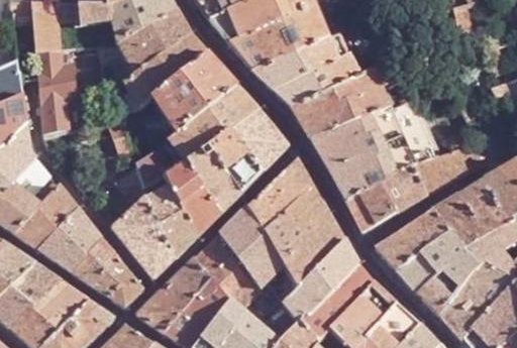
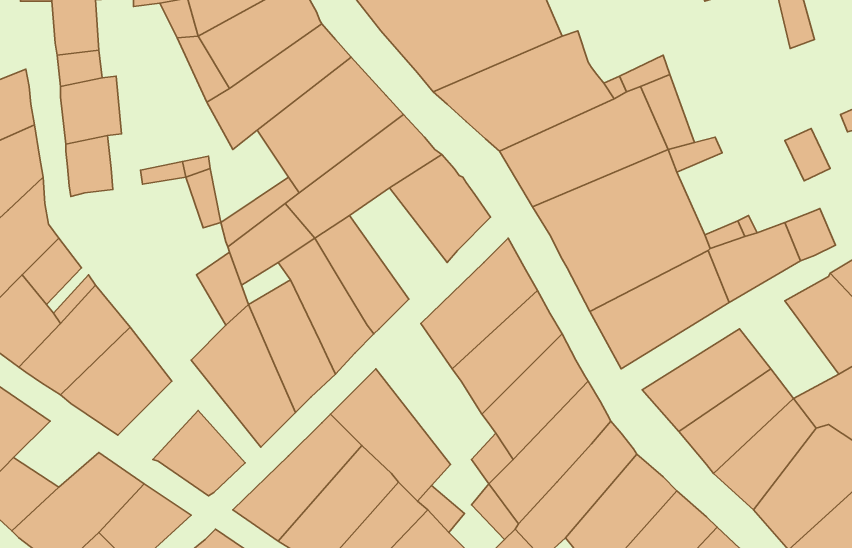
building: [206,127,263,192] -> none
building: [432,193,490,249] -> none
building: [221,206,286,287] -> none
building: [72,239,118,284] -> none
building: [11,262,61,301] -> none

